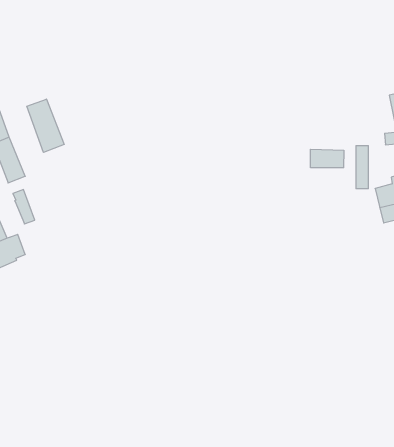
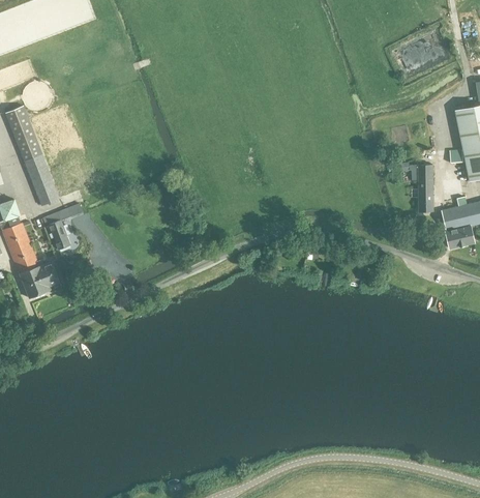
building: [27,99,64,152] -> none
building: [311,149,344,168] -> none

